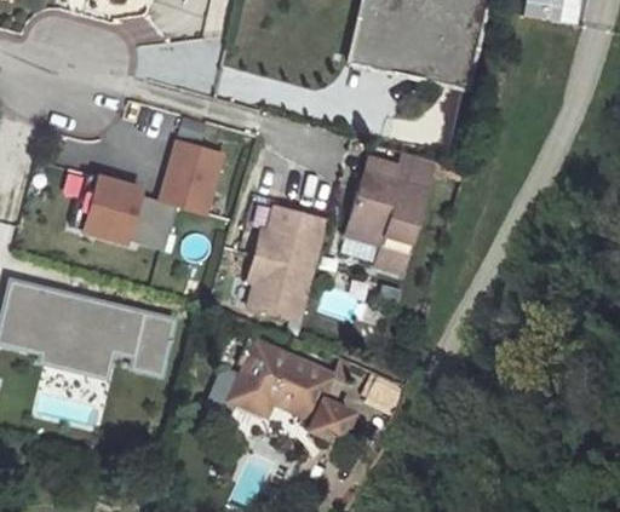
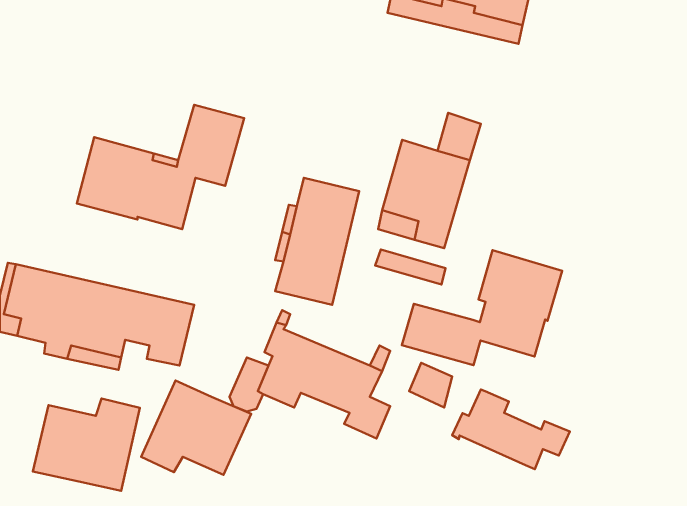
building: none -> [402,250,562,365]
building: none -> [141,380,251,475]
building: none -> [452,389,570,469]
building: none -> [33,399,140,491]

